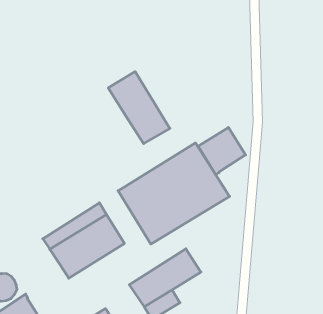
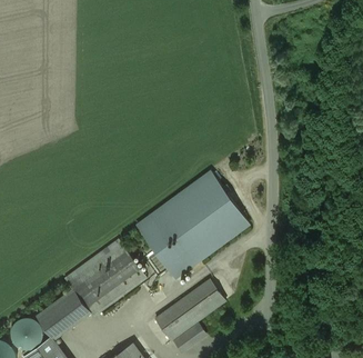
building: [108,72,170,144] -> none
building: [198,127,246,175] -> none
building: none -> [37,289,90,339]

